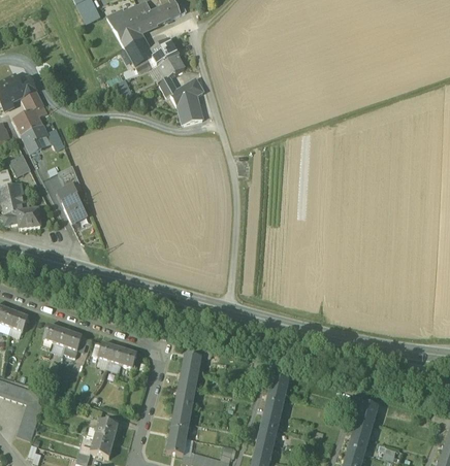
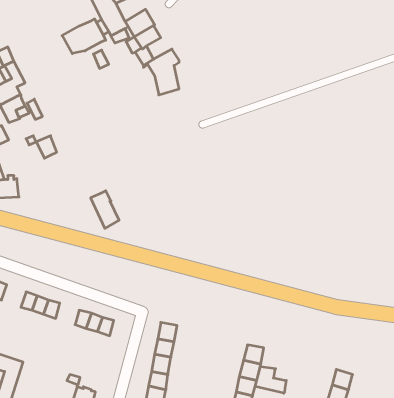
building: none -> [62,19,106,54]
building: [57,186,86,224] -> [91,191,119,228]
building: none -> [255,366,286,393]

